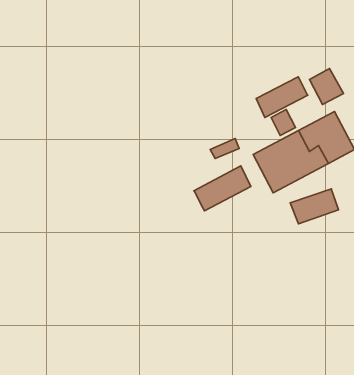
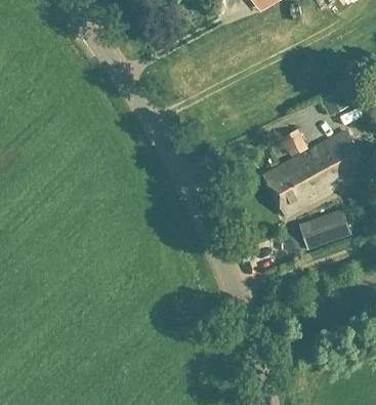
building: [256,77,308,118] -> none
building: [194,166,251,211] -> none

